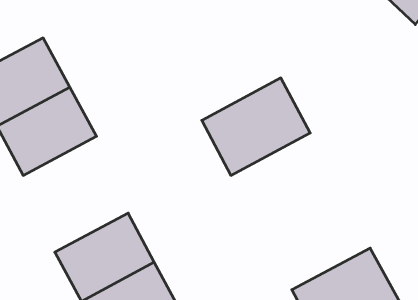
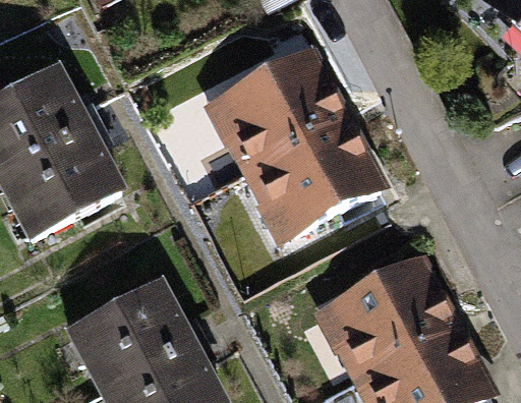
building: none -> [211,49,343,168]
building: none -> [320,256,452,375]

